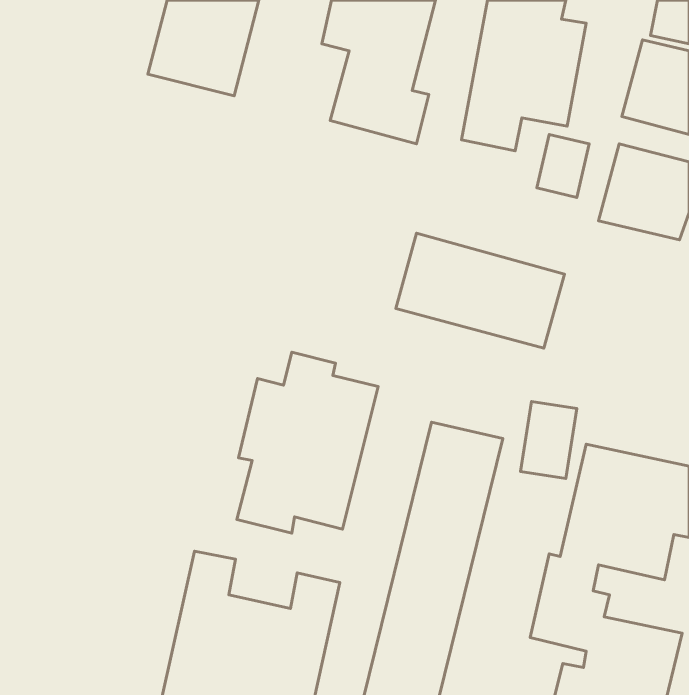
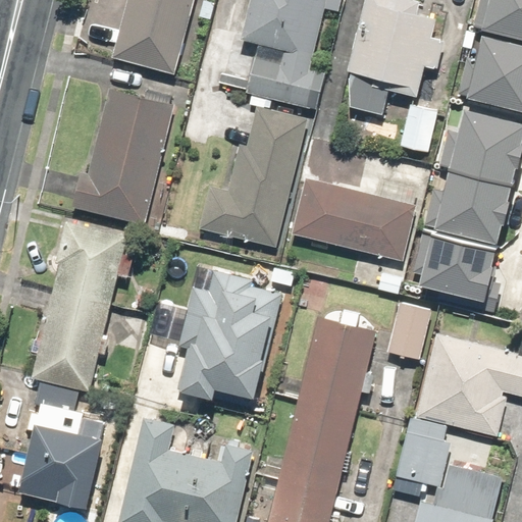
building: none -> [75,91,172,219]
building: none -> [199,107,306,250]
building: none -> [431,168,506,239]
building: none -> [27,218,128,389]
building: none -> [416,230,497,312]
building: none -> [23,404,104,505]

